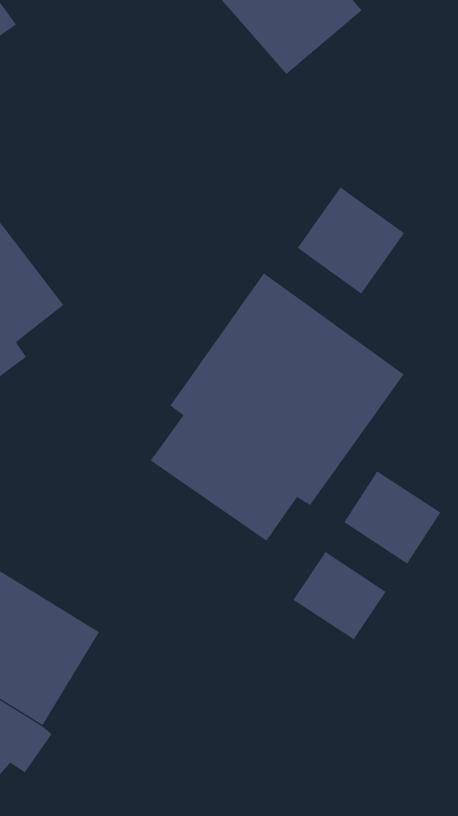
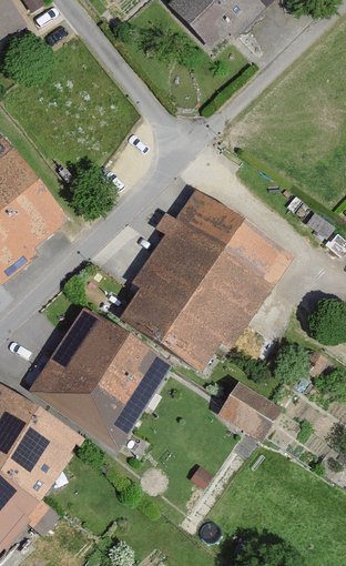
building: [297,187,405,294] -> none
building: none -> [27,305,173,451]
building: [343,470,441,565] -> none

